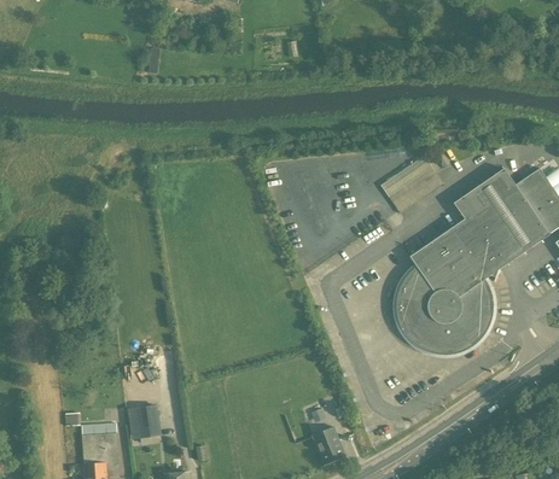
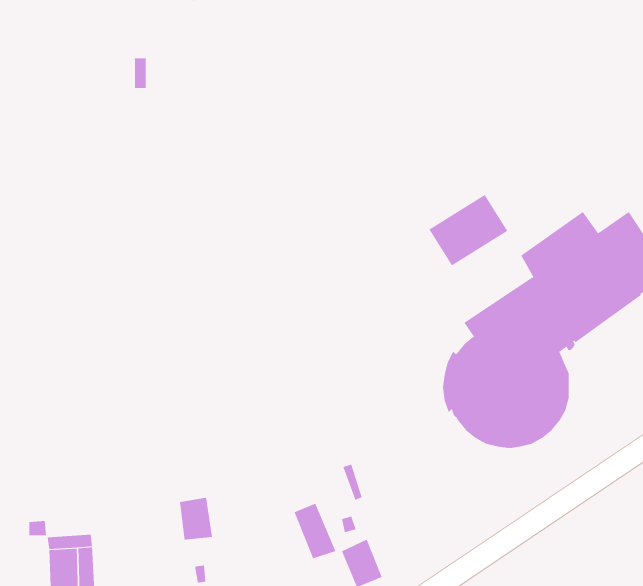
building: none -> [294,503,336,559]
building: [134,403,161,437] -> [179,497,213,540]

